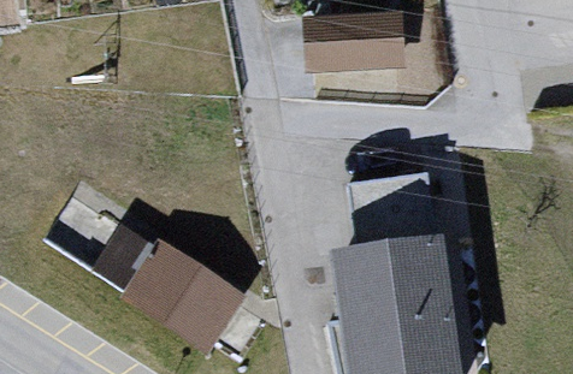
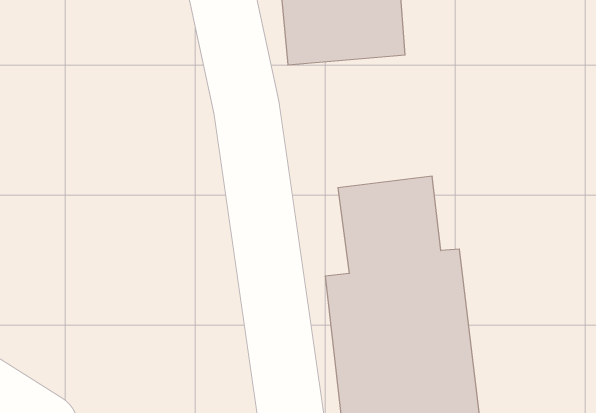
building: [116,239,241,351] -> none

